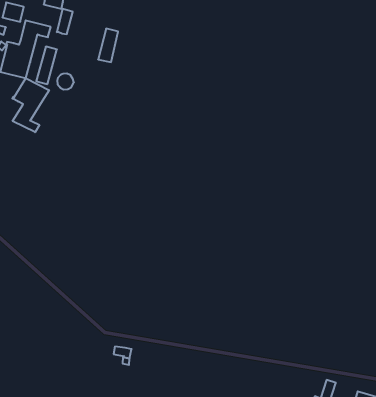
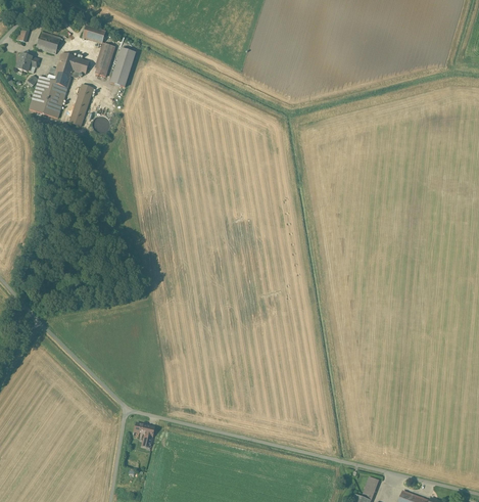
building: [98,29,118,62] -> [110,49,135,87]
building: [12,78,49,132] -> none

